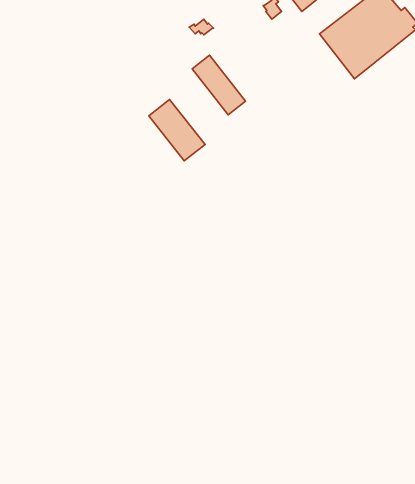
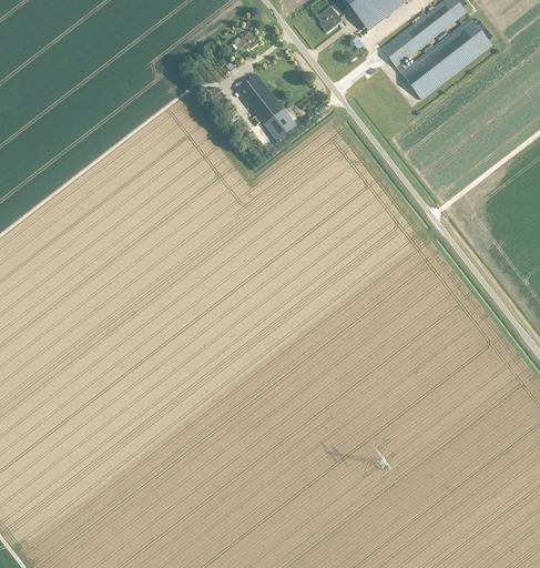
building: [149,99,205,161] -> none

